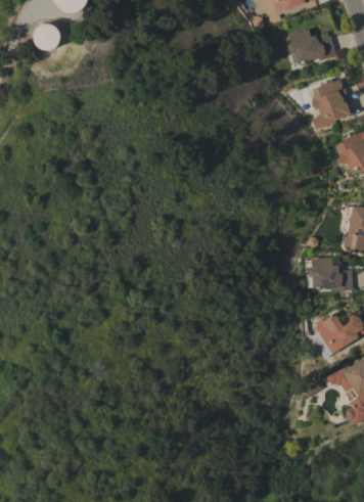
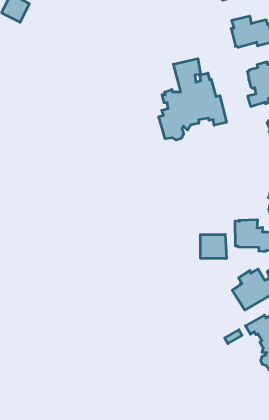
building: none -> [159,59,226,140]
building: none -> [200,234,226,259]

